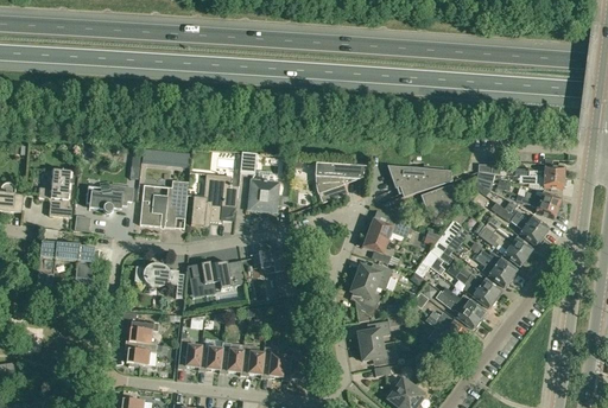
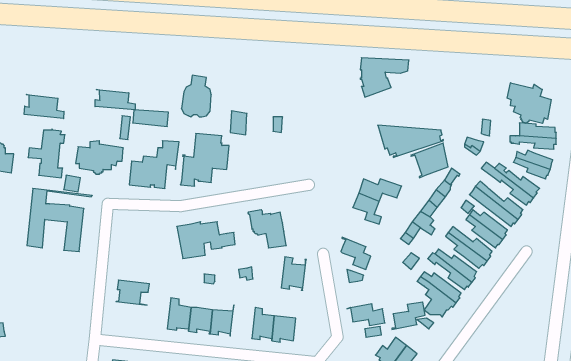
building: none -> [507,83,551,123]
building: none -> [95,90,135,110]
building: none -> [24,94,64,119]
building: [317,162,366,202] -> [360,58,409,97]
building: [248,168,278,210] -> [181,75,211,117]
building: [134,262,178,286] -> none
building: [352,262,392,288] -> none
building: [356,319,390,346] -> [392,302,425,329]
building: [125,339,157,365] -> none
building: [240,343,265,376] -> [281,257,306,290]

